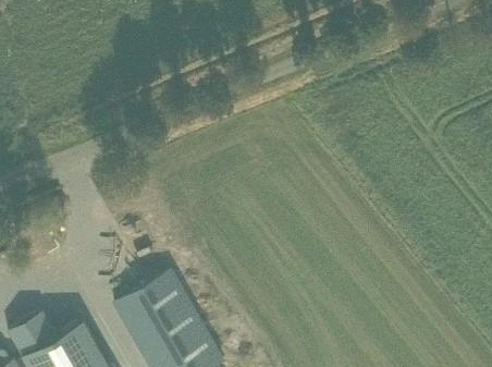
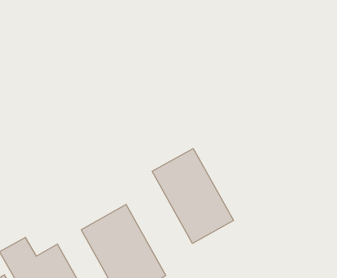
building: none -> [152,149,233,243]

